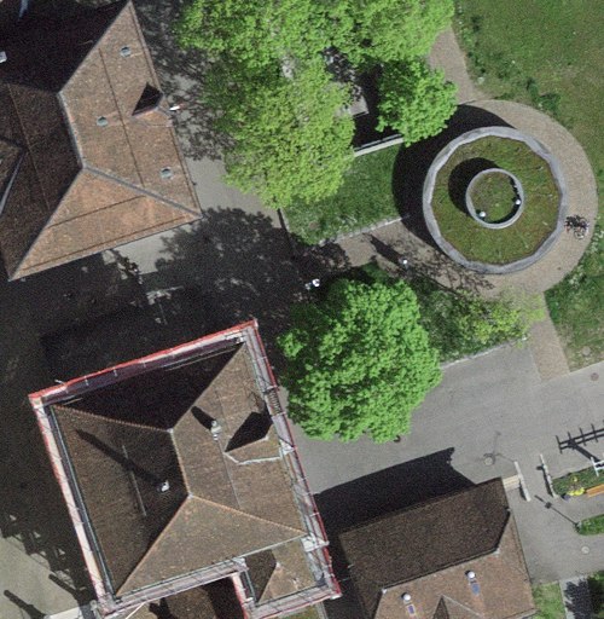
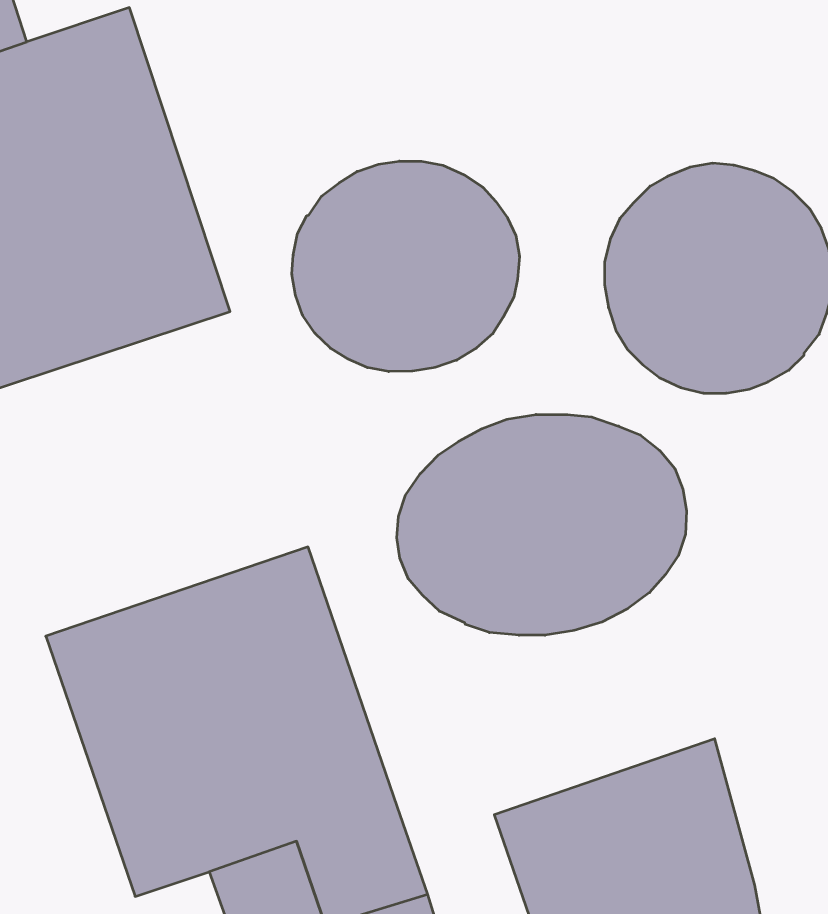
building: none -> [292,161,519,372]
building: none -> [397,414,687,635]

